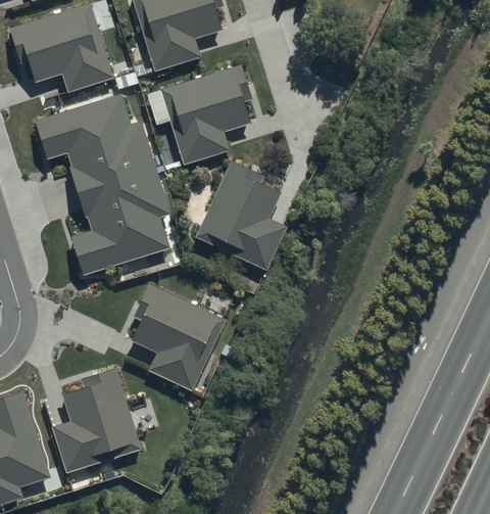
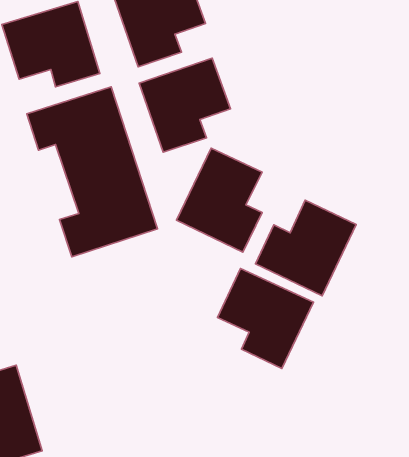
building: none -> [256,200,356,296]
building: [125,285,227,391] -> [218,269,314,368]
building: [52,369,142,474] -> none

